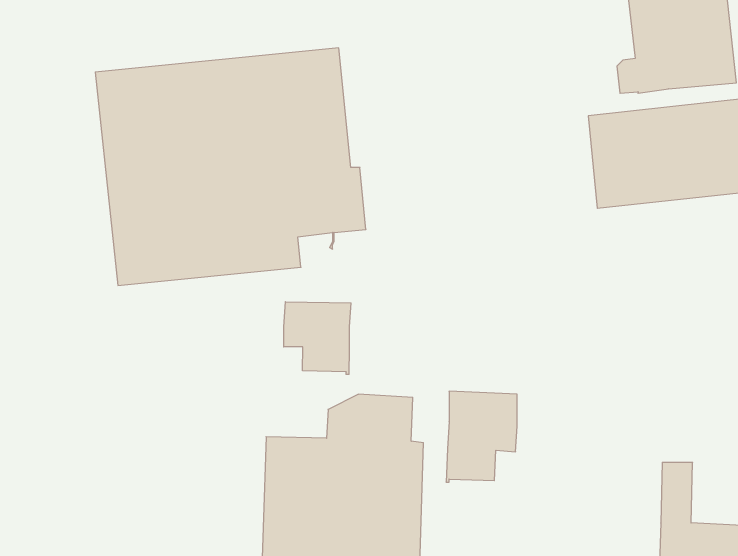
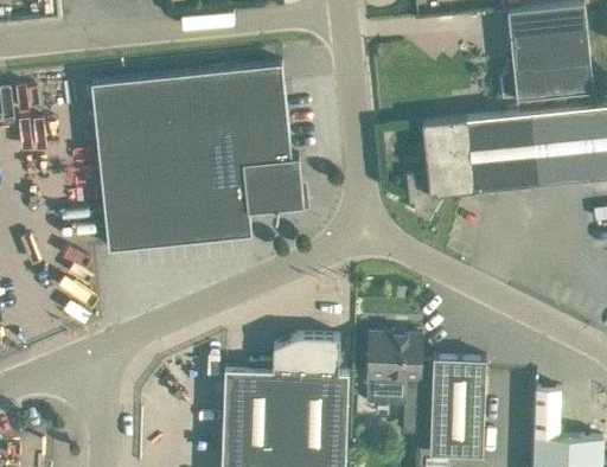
building: none -> [407,119,485,222]
building: [284,302,351,374] -> none
building: none -> [403,358,487,458]

